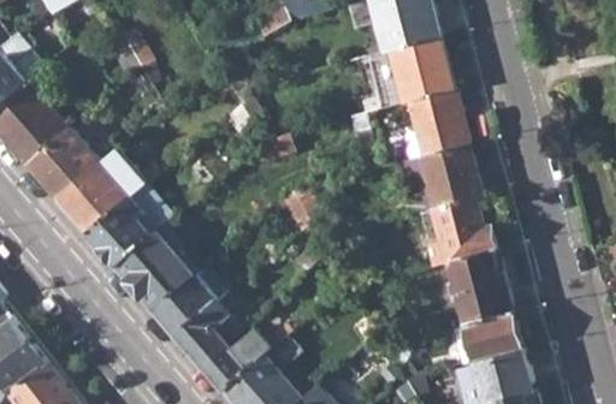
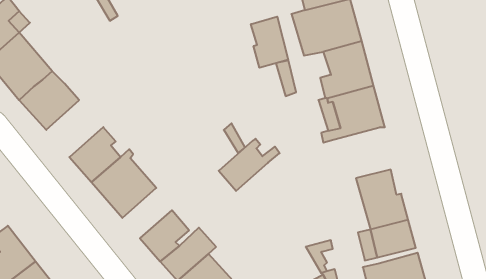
building: none -> [251,17,288,68]
building: [60,165,159,236] -> none
building: [419,198,496,266] -> none
building: [155,272,231,337] -> [219,139,280,191]

